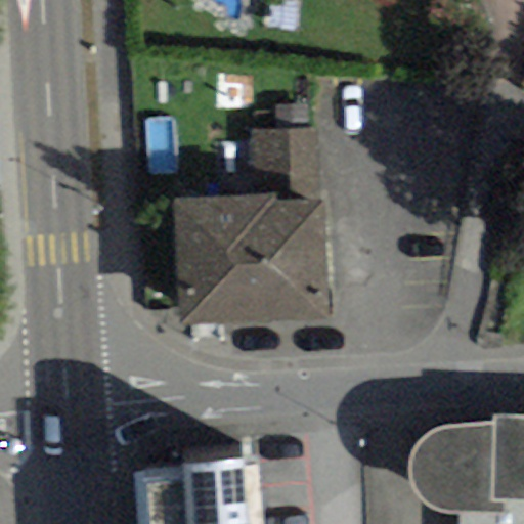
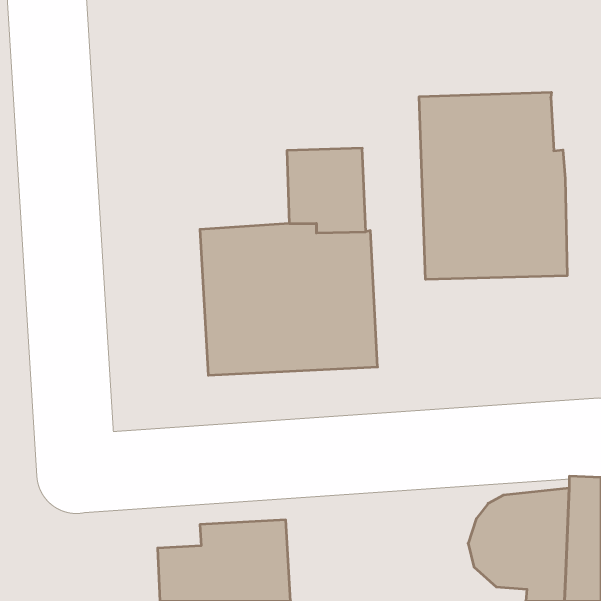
building: none -> [419,92,567,279]

